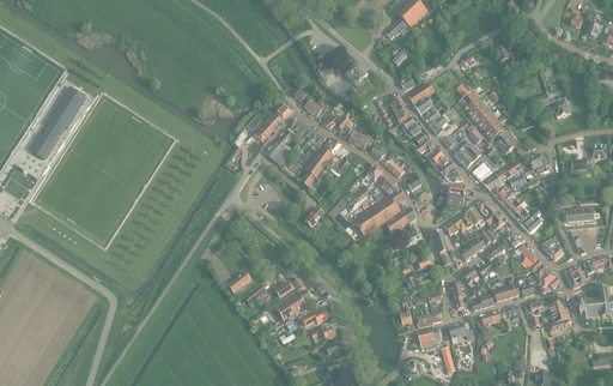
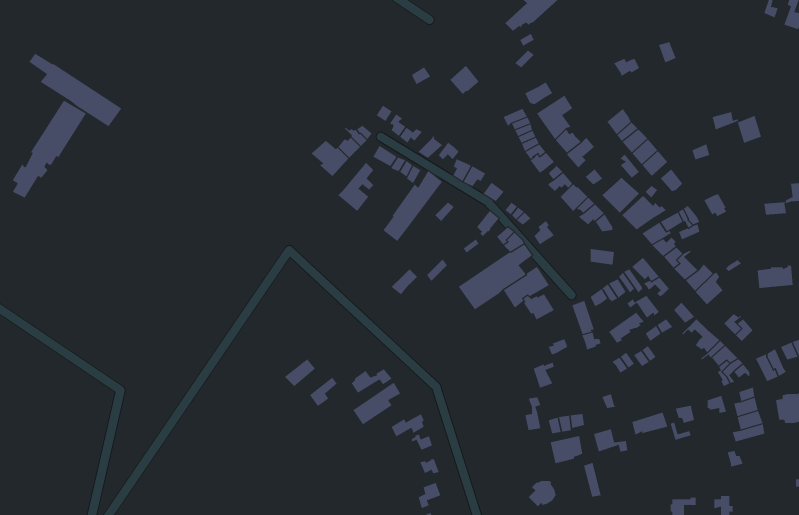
building: none -> [29,53,122,127]

